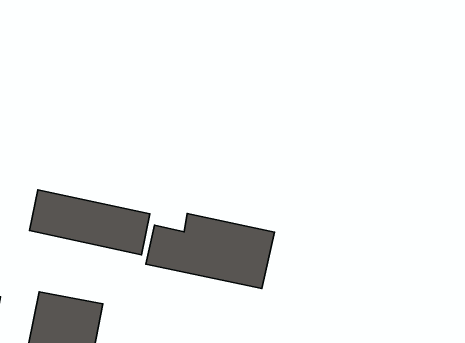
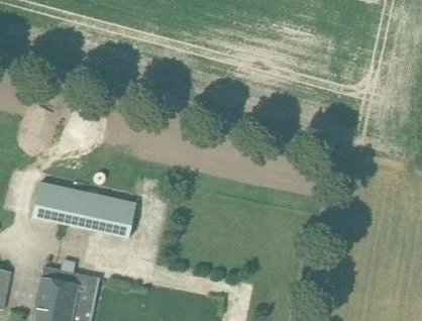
building: [146,214,274,289] -> none

